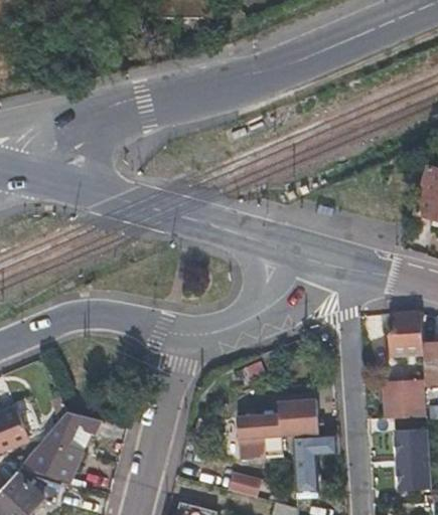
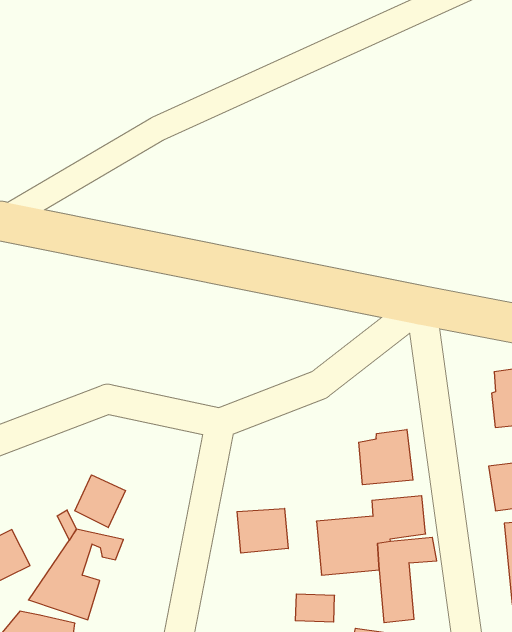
building: none -> [359,429,413,485]
building: none -> [75,475,125,528]
building: none -> [237,508,288,553]

